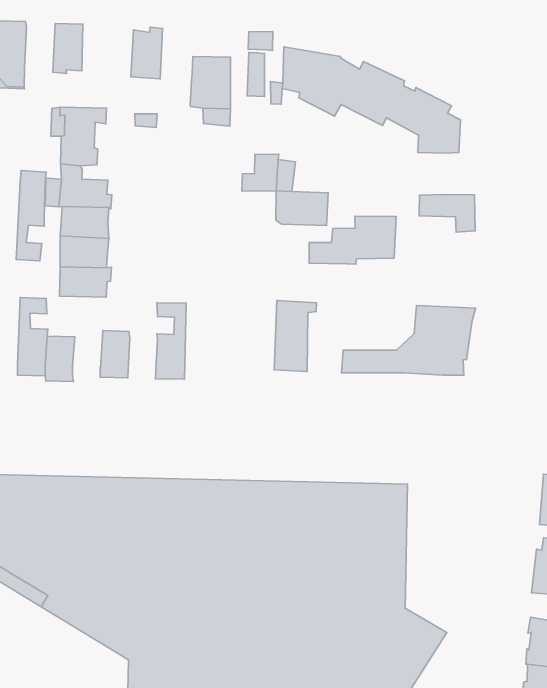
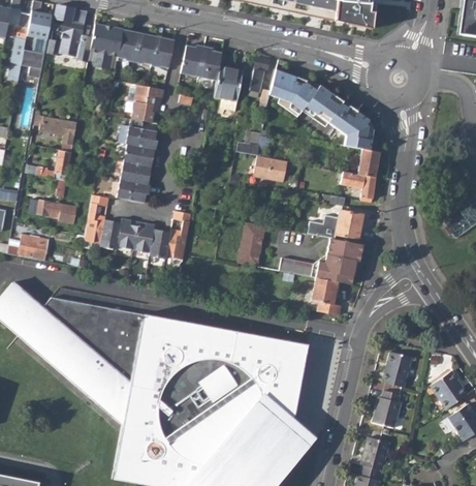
building: none -> [118,30,140,62]
building: none -> [151,36,174,68]
building: none -> [198,47,222,81]
building: none -> [358,149,380,177]
building: [16,170,46,261] -> none
building: [309,216,396,264] -> [308,210,364,239]
building: none -> [117,218,139,250]
building: none -> [150,230,171,259]
building: none -> [312,277,341,315]

